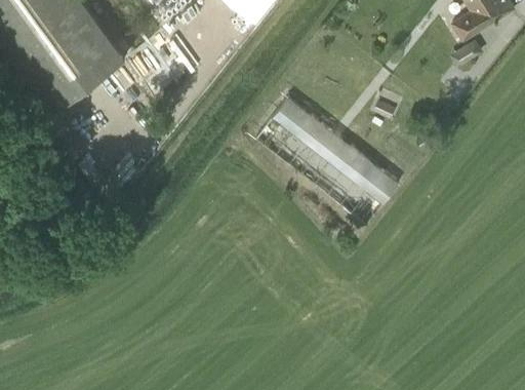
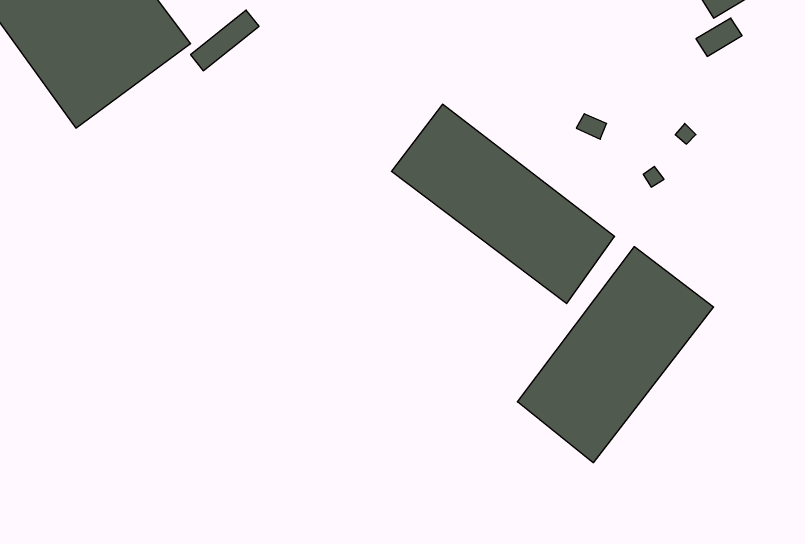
building: none -> [517,247,714,463]

